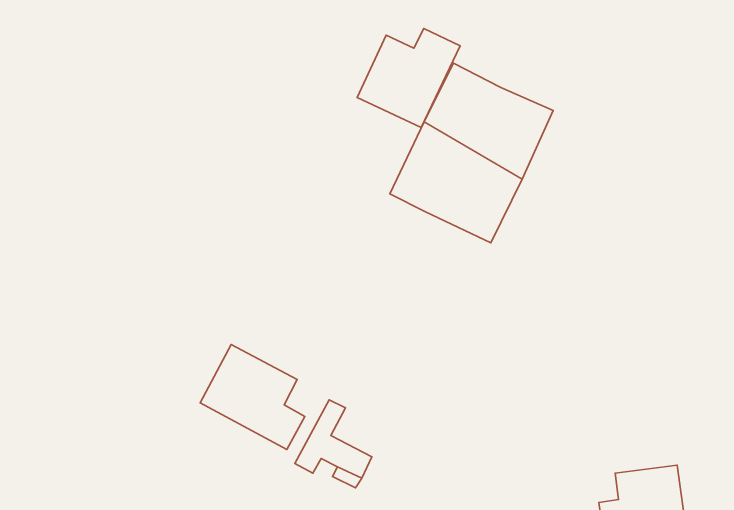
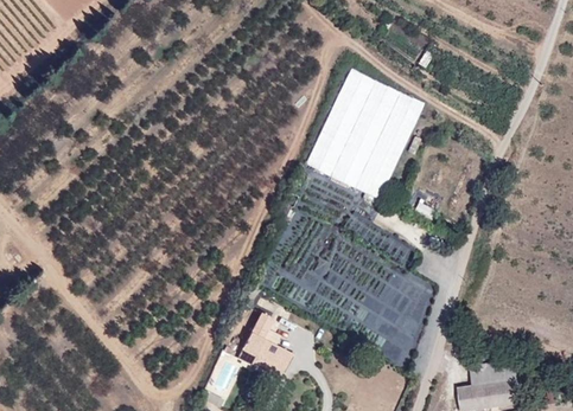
building: [357,29,460,128] -> none
building: [200,345,305,450] -> none

